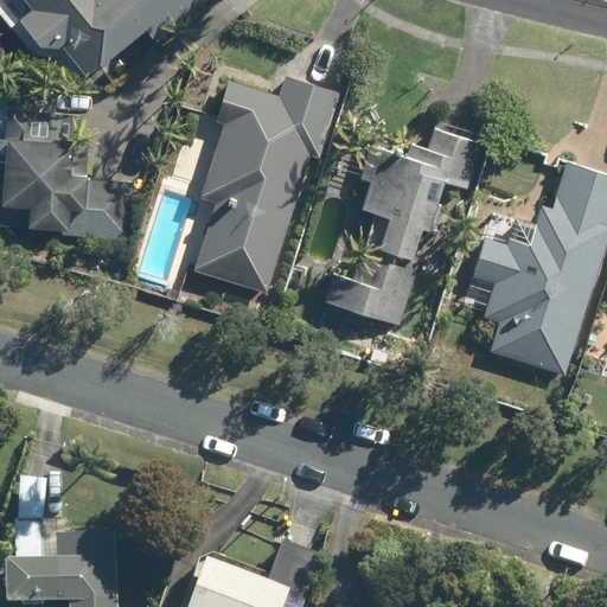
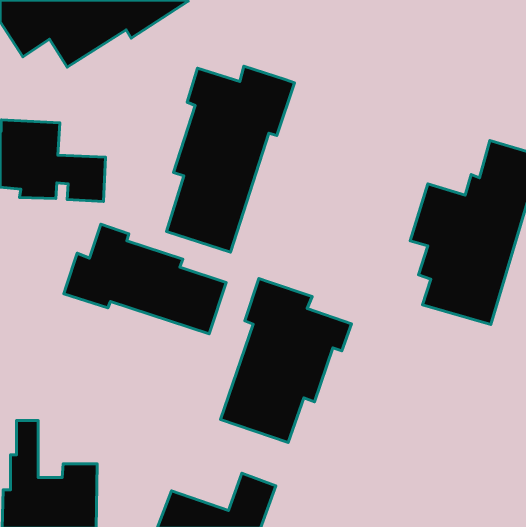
building: [324,126,483,325] -> none
building: none -> [64,224,226,334]
building: none -> [221,278,352,442]

